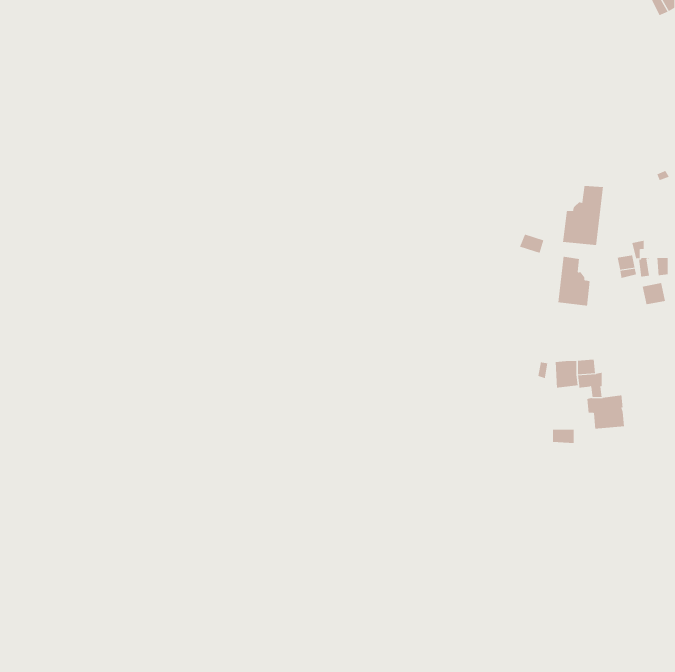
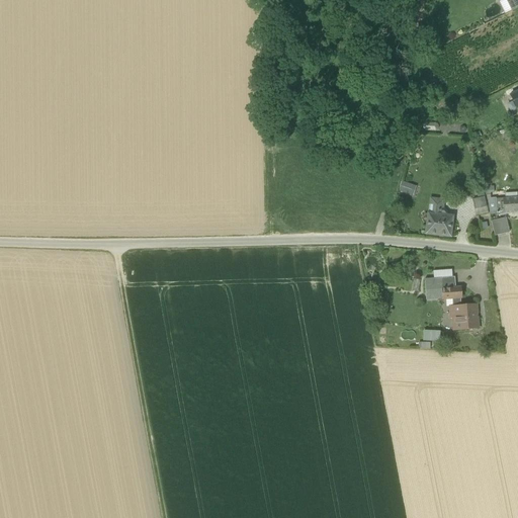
building: [563,185,603,246] -> none

